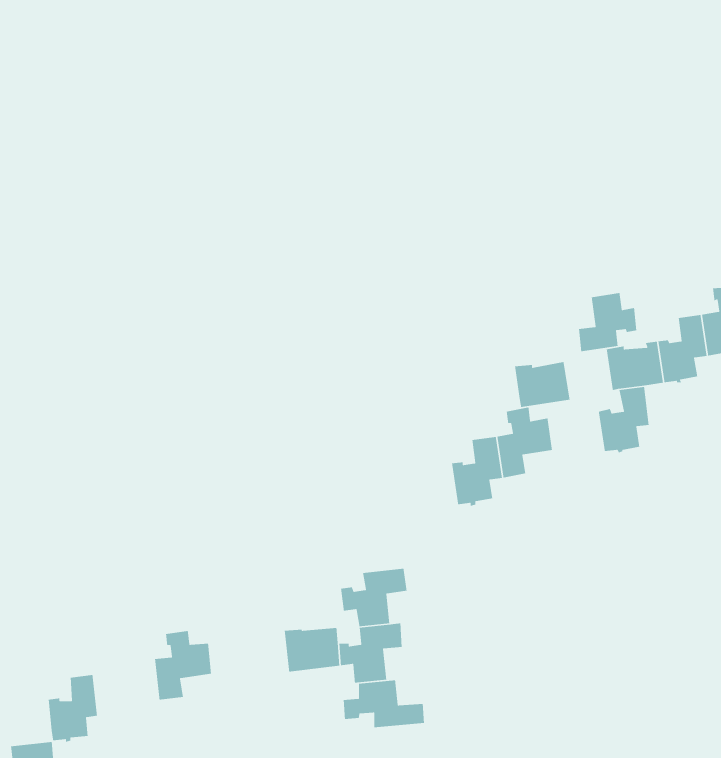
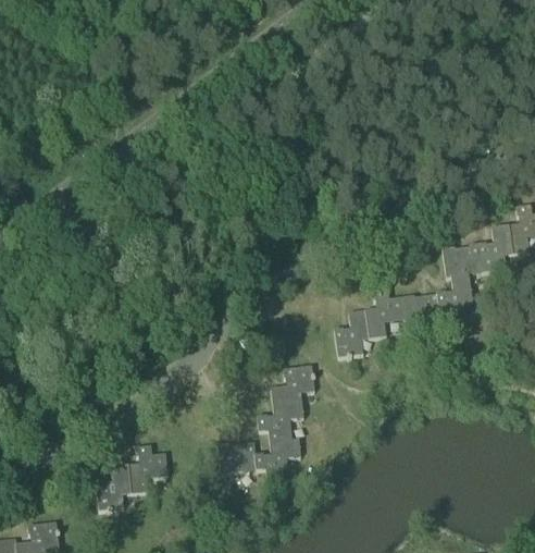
building: [578,292,637,352] -> none
building: [514,361,571,408] -> [401,293,440,325]
building: none -> [271,366,314,404]
building: [48,674,98,743] -> [96,464,130,512]
building: [343,679,425,728] -> none

